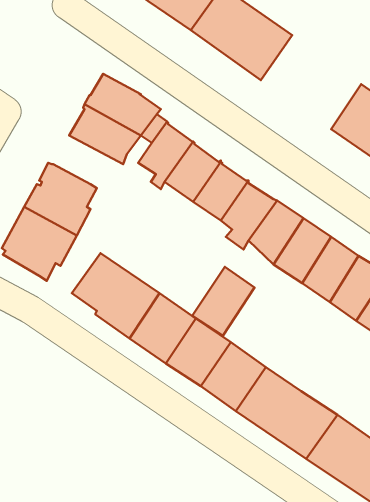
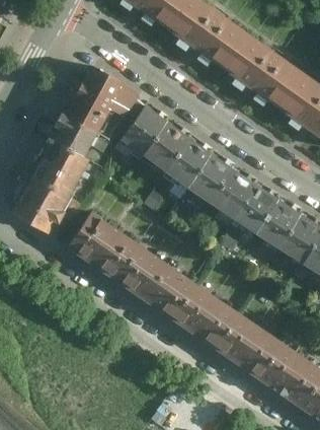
building: none -> [222,34,303,111]
building: none -> [54,113,110,155]
building: [192,267,255,336] -> none

